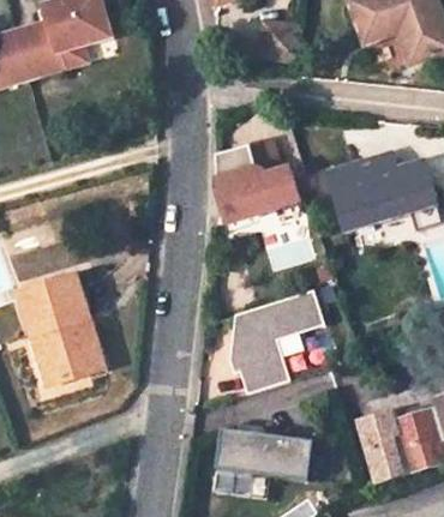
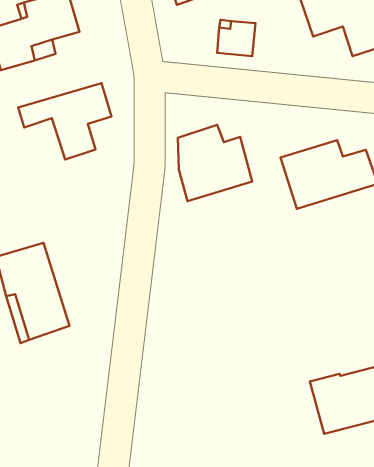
building: none -> [18,83,111,159]
building: [220,289,320,393] -> none
building: [214,428,313,482] -> none

